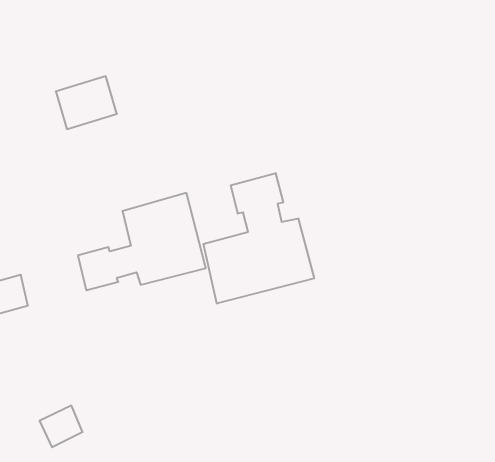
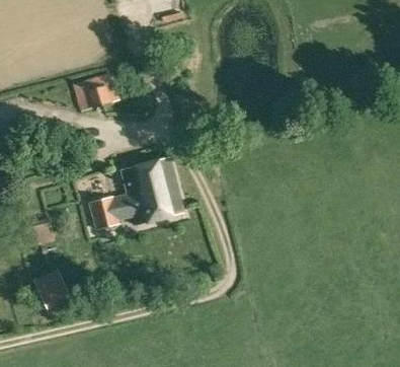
building: [203,173,314,304] -> none
building: [39,406,83,447] -> [37,276,69,306]

